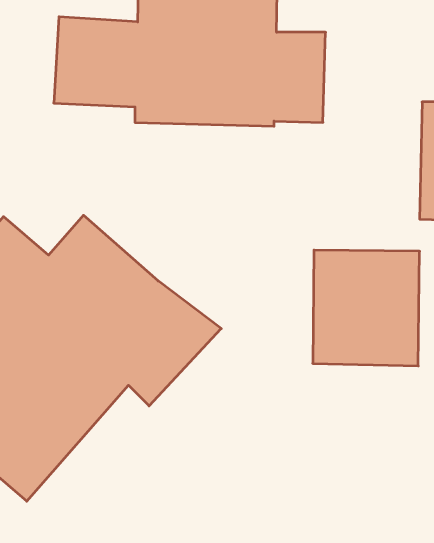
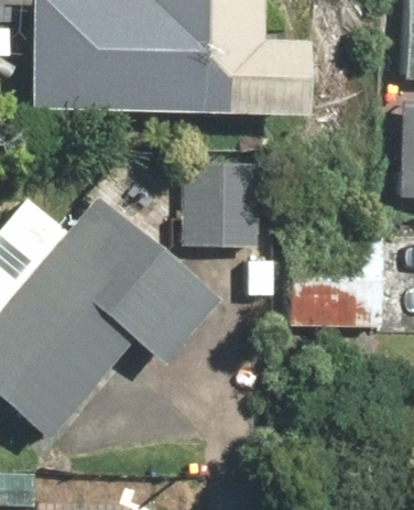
building: none -> [181,156,263,247]

